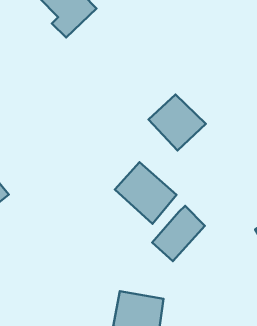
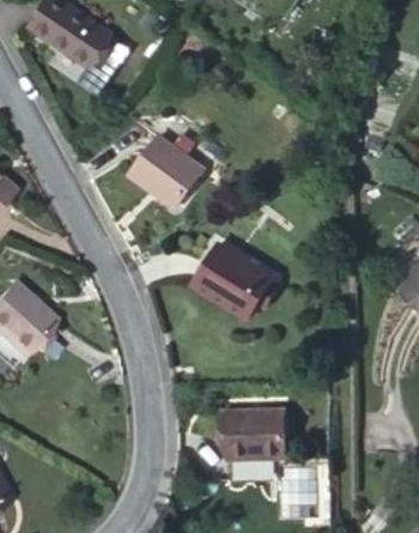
building: [149,94,206,151] -> [130,134,206,207]
building: [152,206,205,261] -> none

